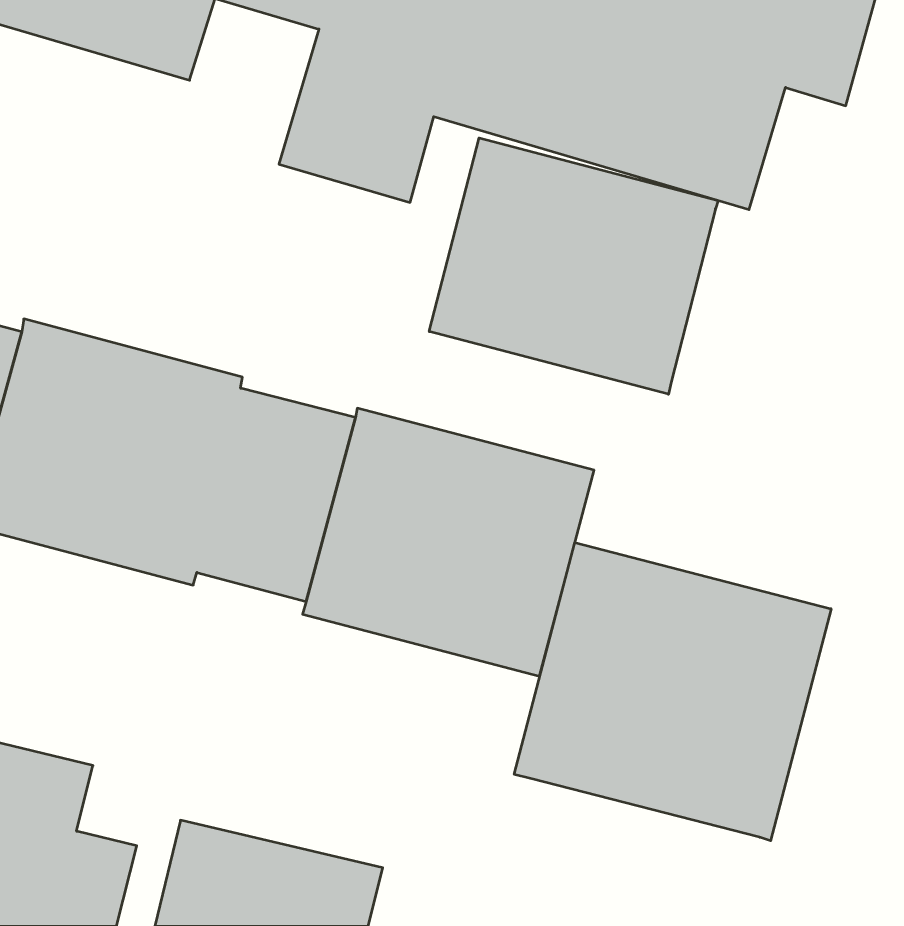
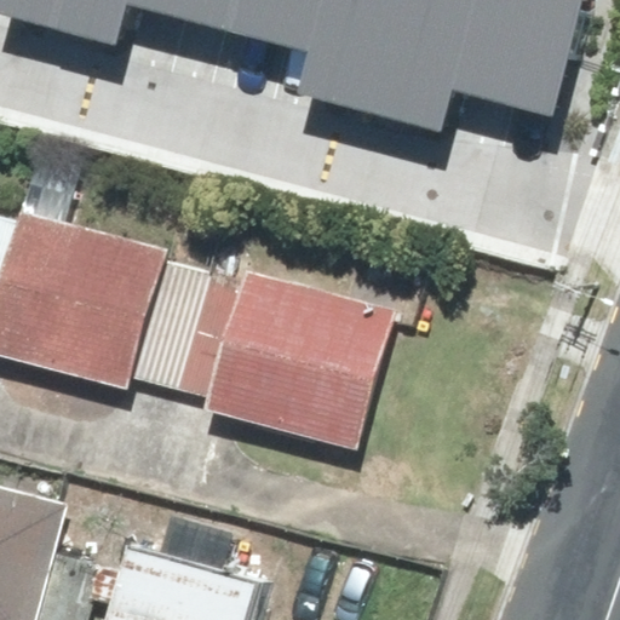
building: [429,138,718,394] -> none
building: [514,543,831,841] -> none

